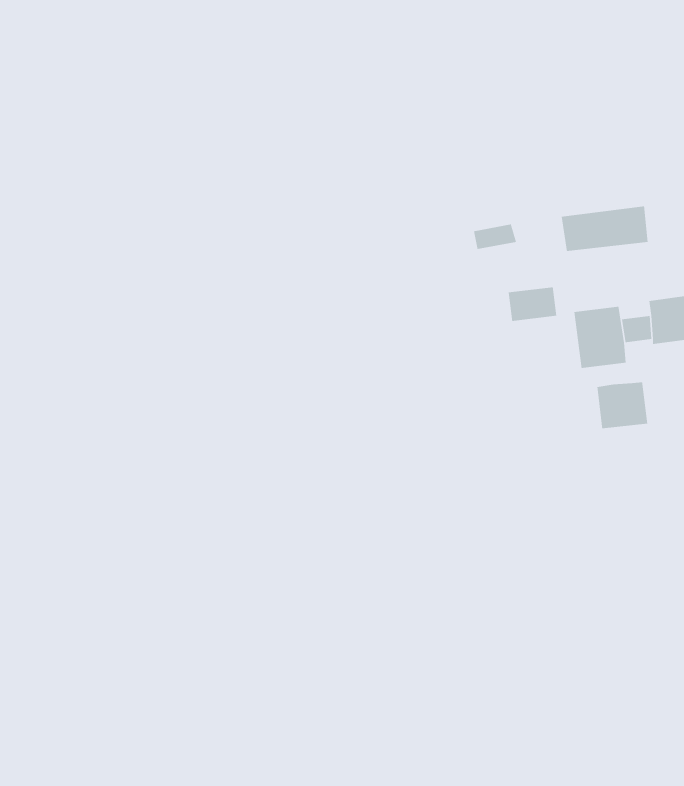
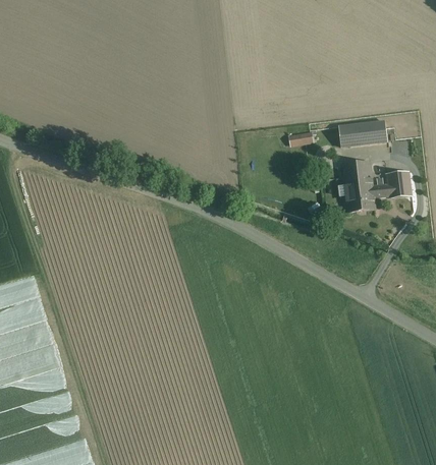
building: [508,287,557,321] -> [342,160,370,179]
building: [597,381,648,429] -> none

